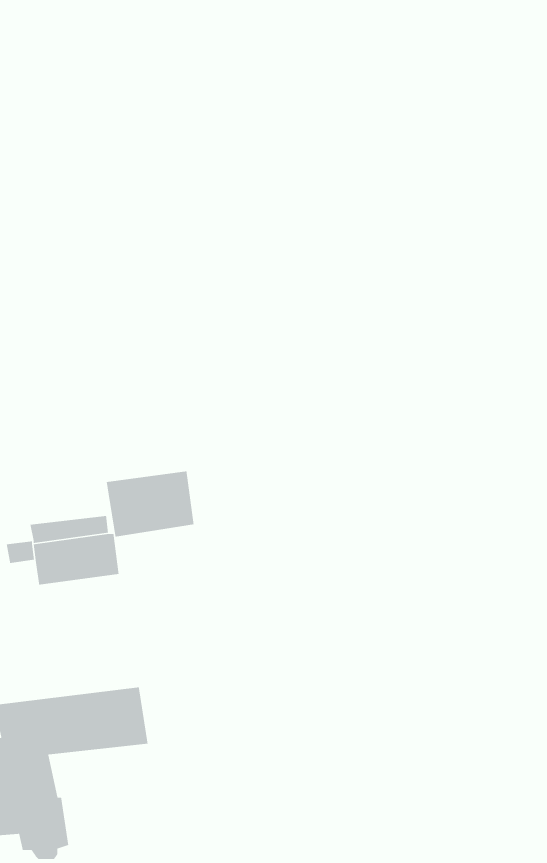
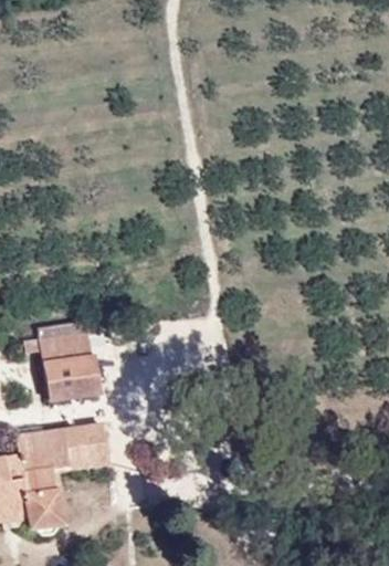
building: [106,471,194,537] -> [43,357,97,398]

